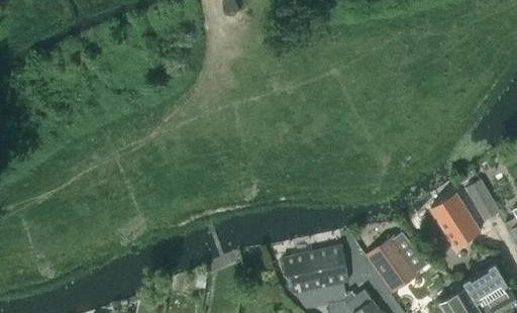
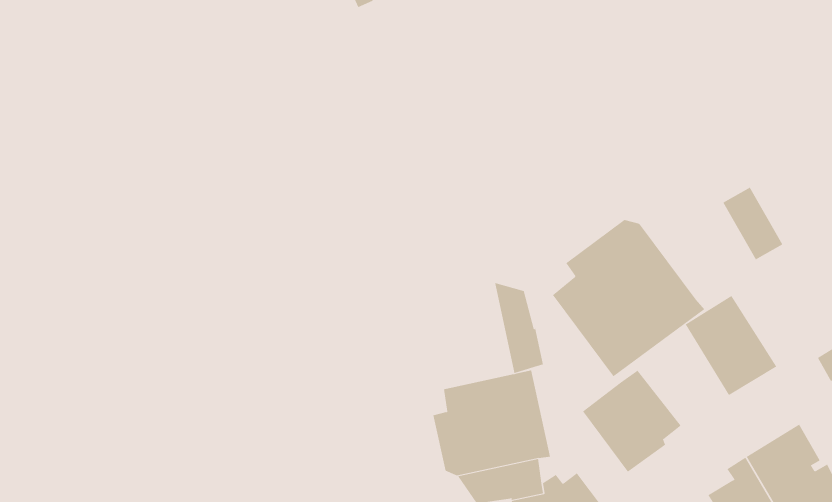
building: none -> [552,219,705,377]
building: [463,180,499,222] -> [722,187,783,260]
building: none -> [494,282,544,374]

